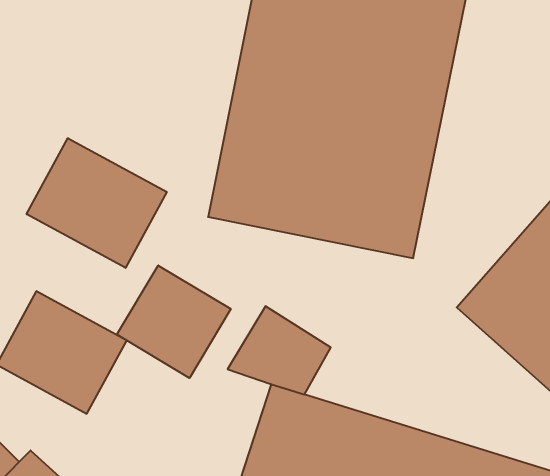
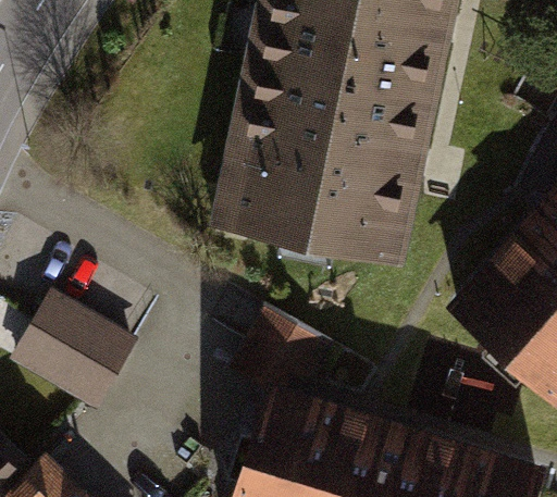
building: [27,138,167,268] -> none
building: [117,265,231,378] -> none

